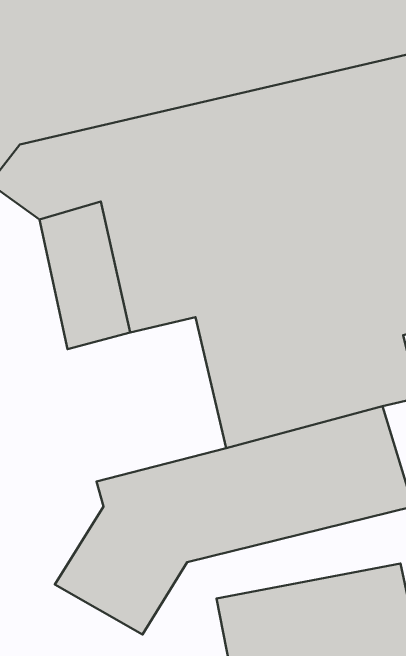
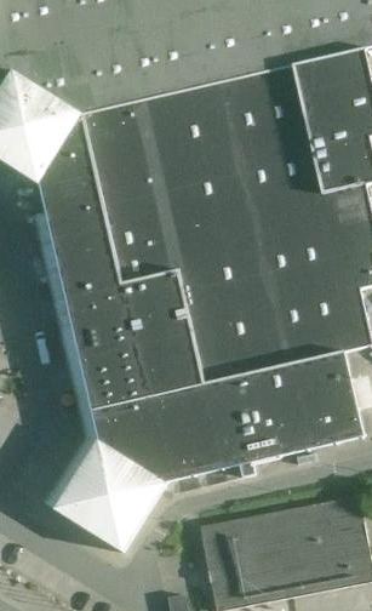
building: none -> [67,278,205,421]

